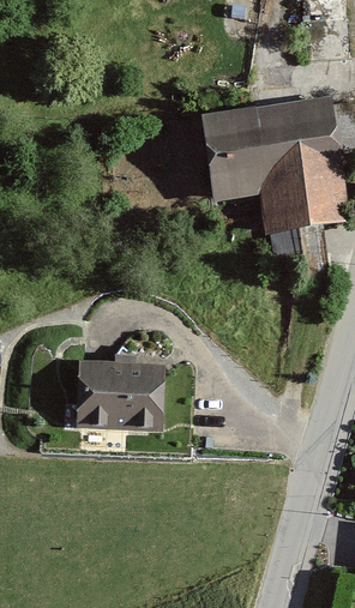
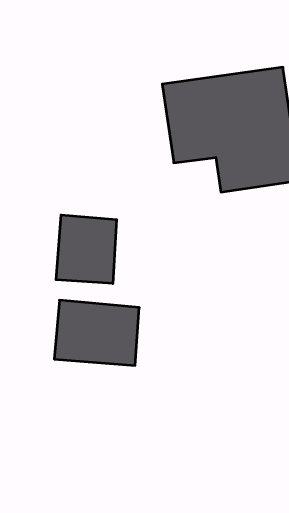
building: none -> [56,215,117,284]

